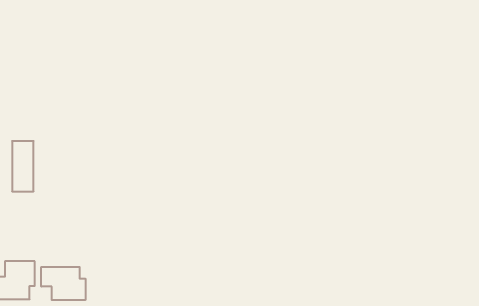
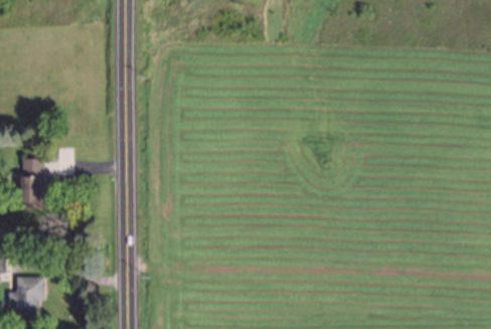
building: [41,267,85,300] -> none

